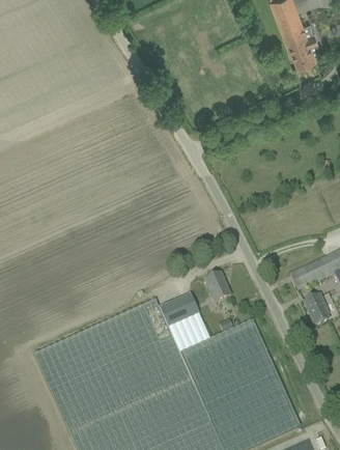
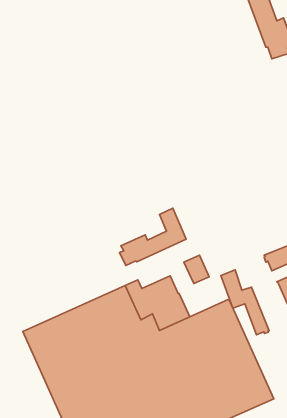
building: none -> [119,208,186,266]
building: none -> [221,270,269,335]

